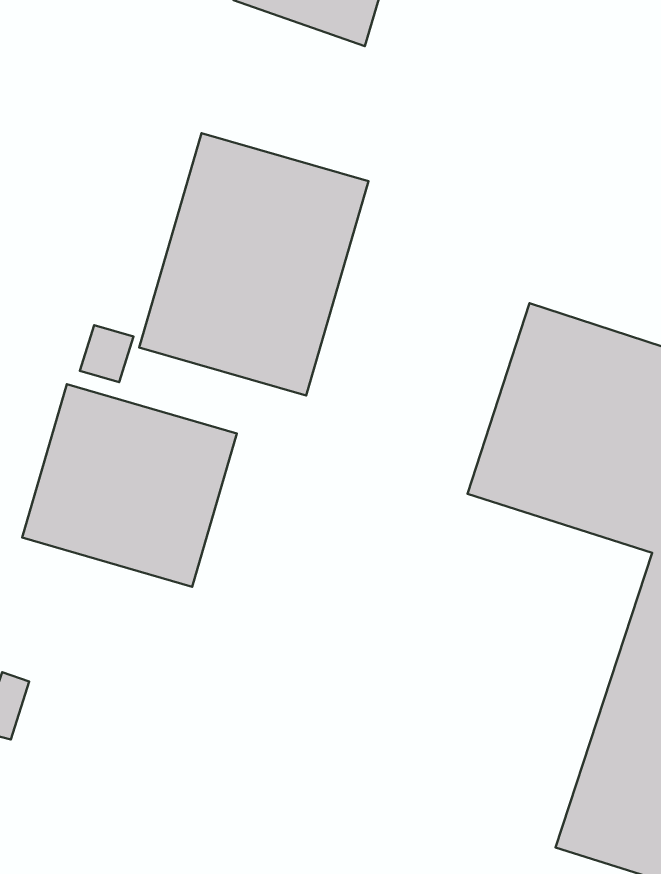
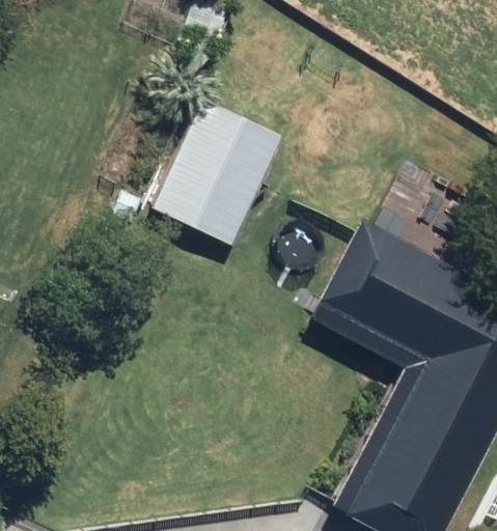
building: [22,384,237,587] -> none

